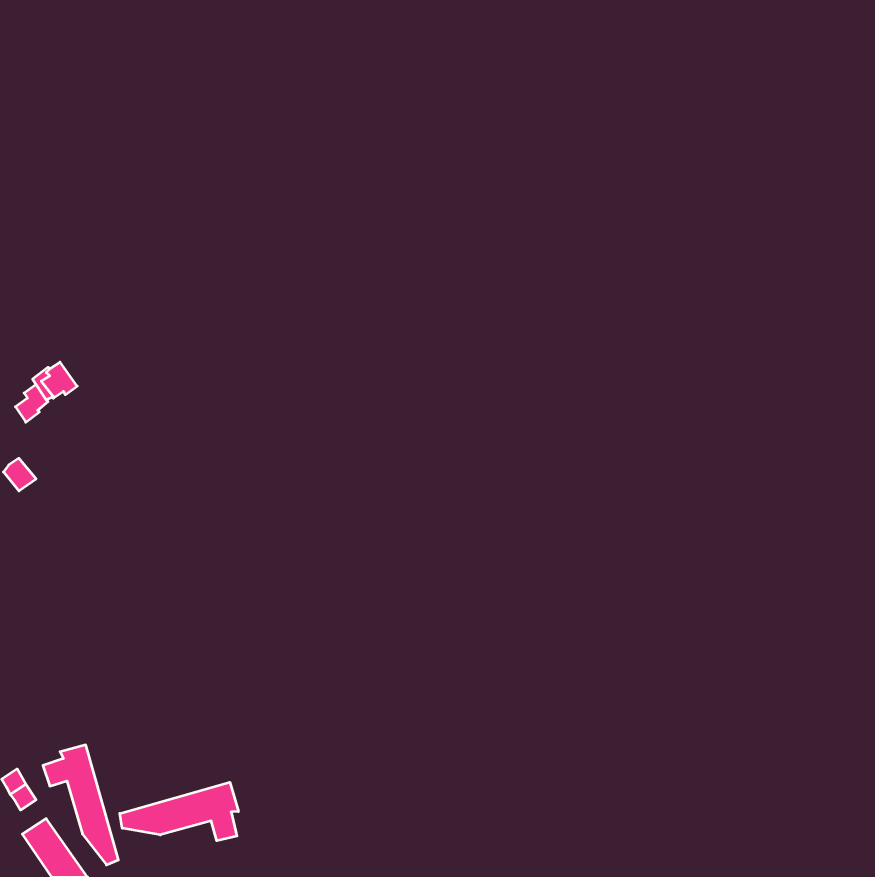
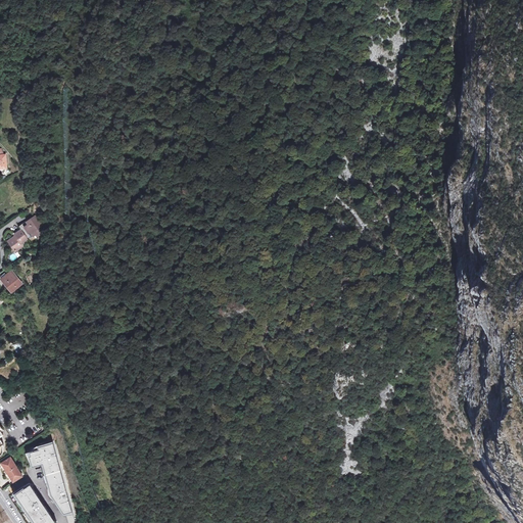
building: [120,782,238,841] -> none

